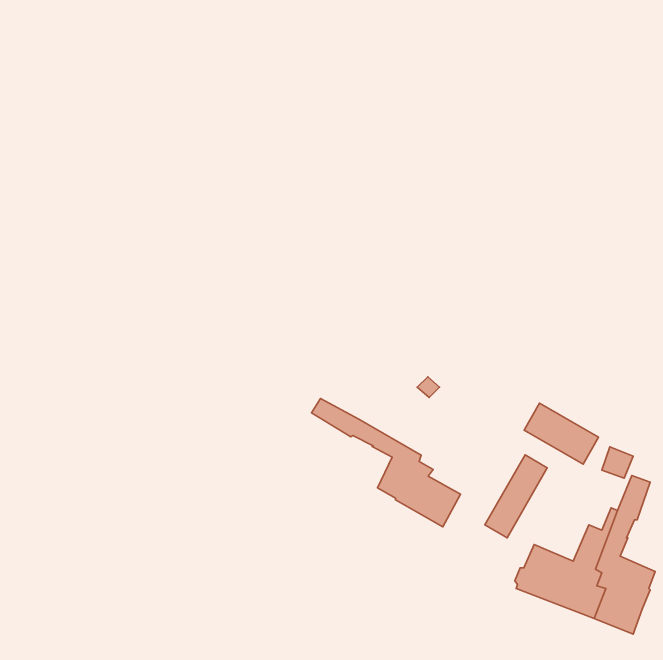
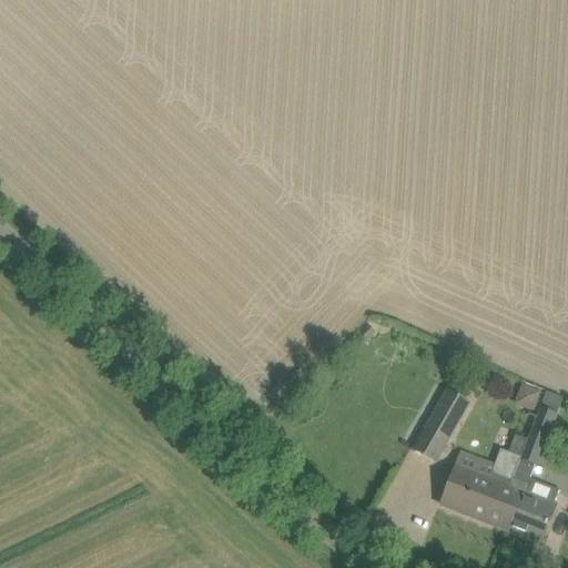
building: [312,398,461,527] -> none
building: [524,403,599,464] -> none

